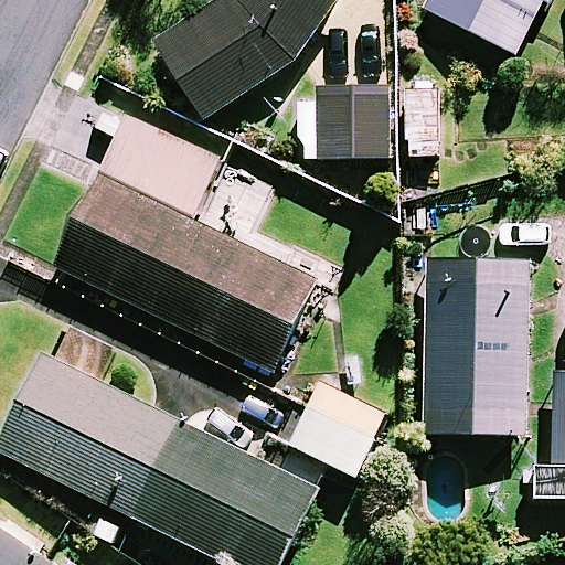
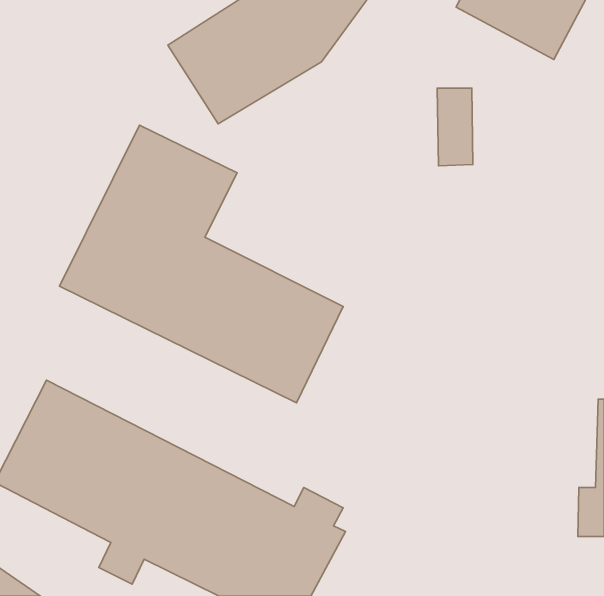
building: [316,85,392,158] -> none
building: [422,255,529,436] -> none
building: [289,382,385,476] -> none

